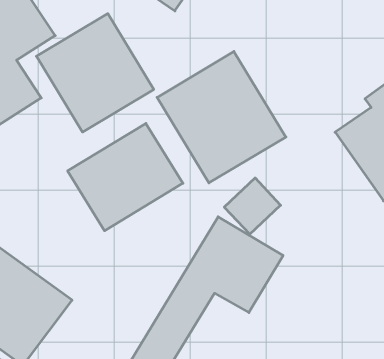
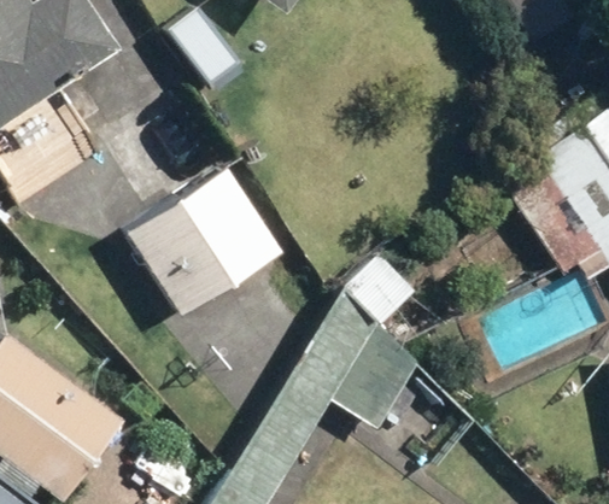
building: [36,14,154,132] -> none
building: [157,51,286,183] -> none

